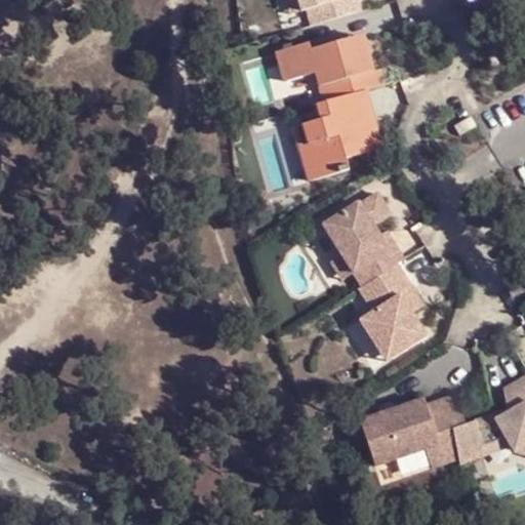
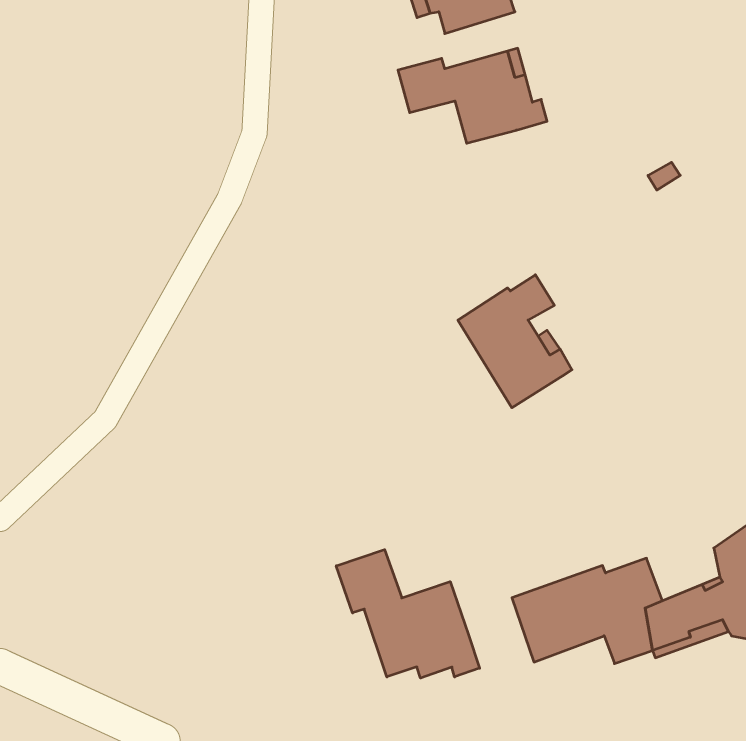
building: [293,91,378,180] -> none
building: [357,264,423,357] -> none
building: none -> [336,550,480,678]

